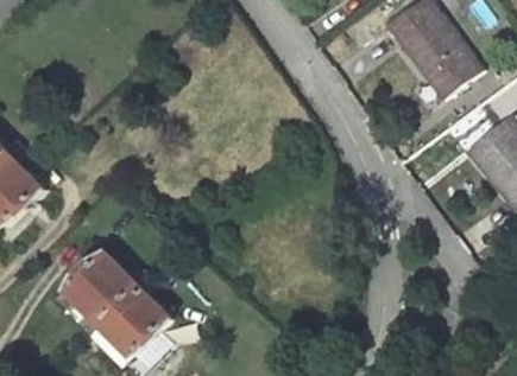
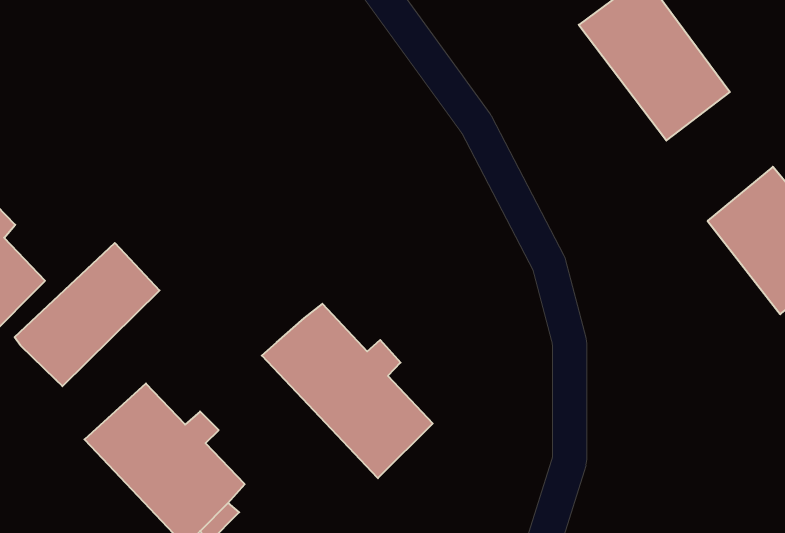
building: none -> [15,243,160,386]
building: none -> [262,304,433,478]

